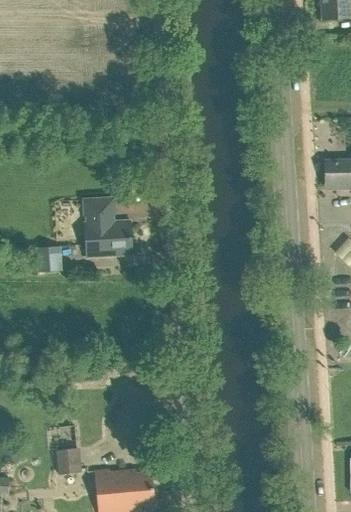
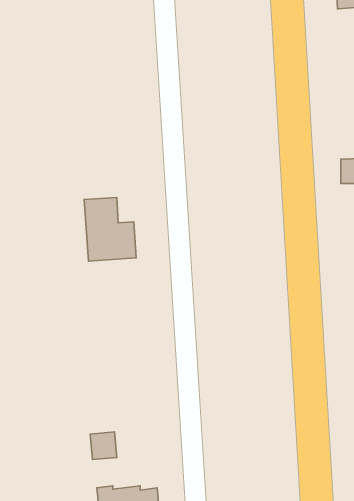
building: [37,246,62,272] -> none
building: [57,448,82,474] -> [90,432,117,460]

